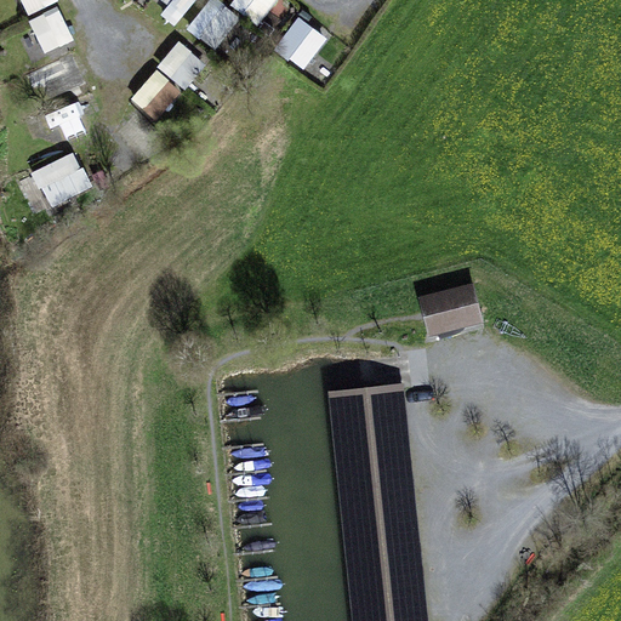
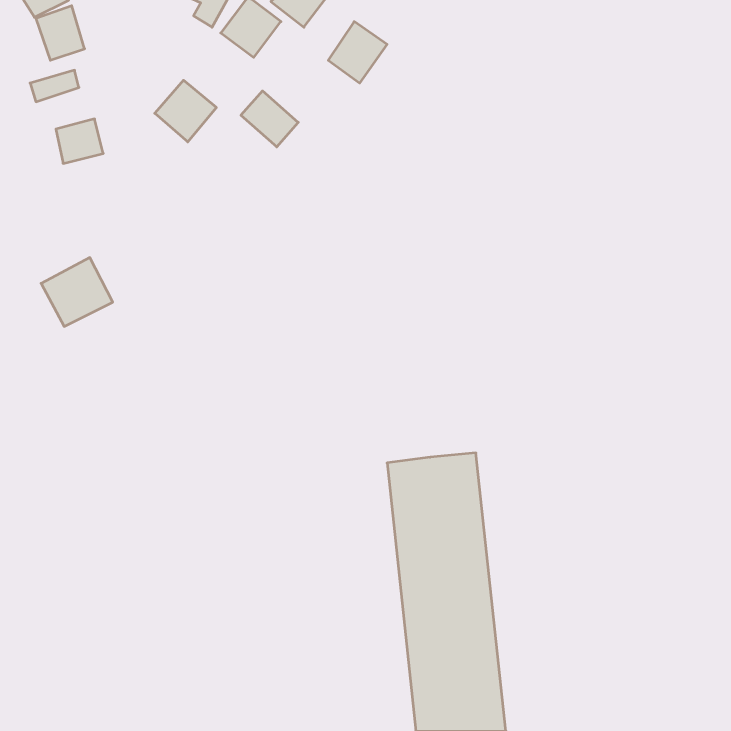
building: [159,42,207,90] -> [241,91,298,147]
building: [32,149,92,207] -> [41,258,113,326]
building: [417,283,483,337] -> none

